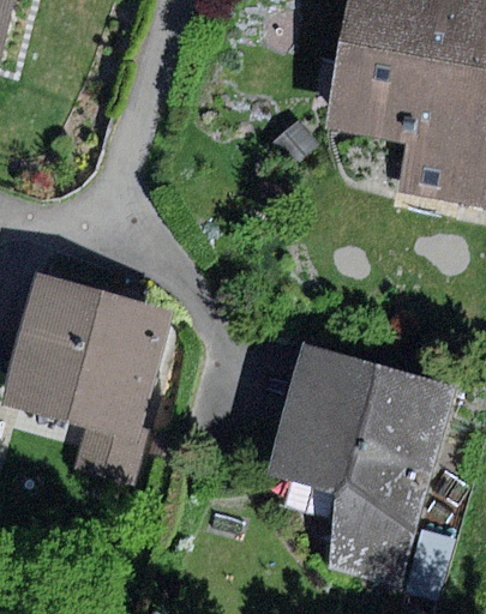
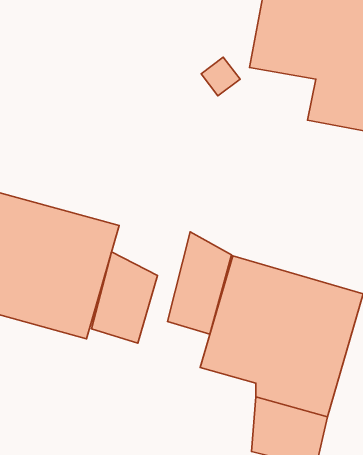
building: none -> [168,232,232,334]
building: none -> [91,252,158,343]

